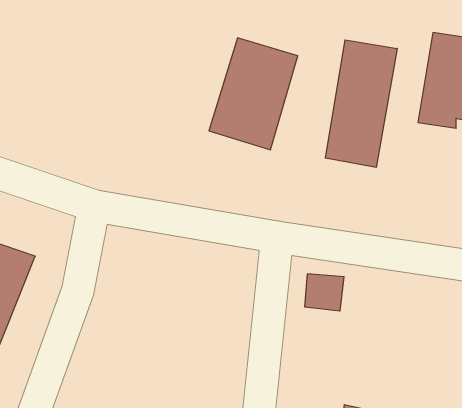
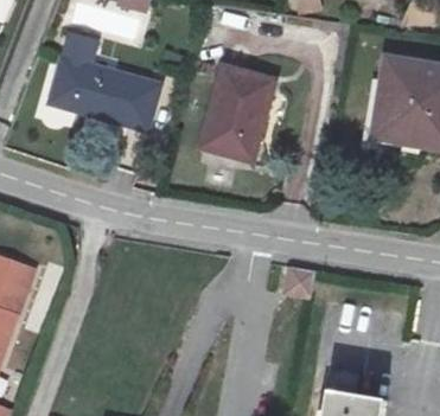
building: none -> [47,50,159,126]
building: [325,40,397,167] -> none

